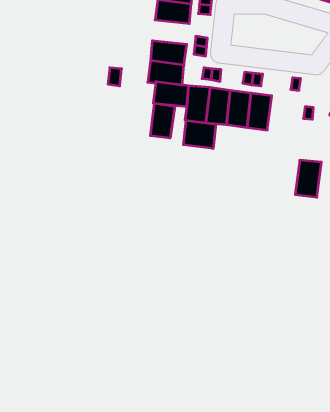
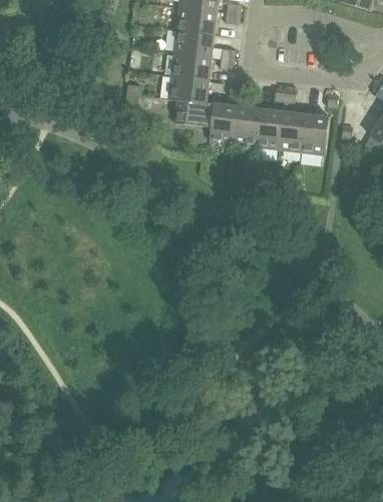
building: none -> [173,29,215,56]
building: [150,103,175,138] -> none
building: [183,120,216,149] -> none
building: [295,160,321,197] -> [301,113,330,154]

